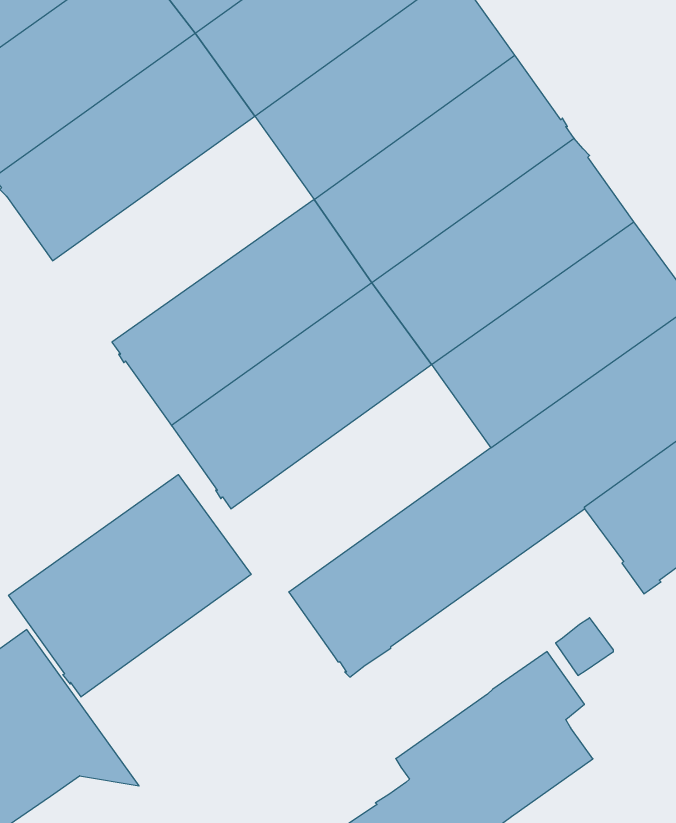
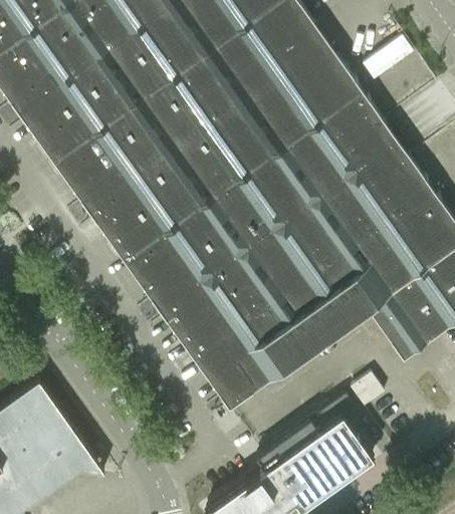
building: none -> [55,80,210,214]
building: none -> [161,227,314,361]
building: [9,475,251,697] -> none

